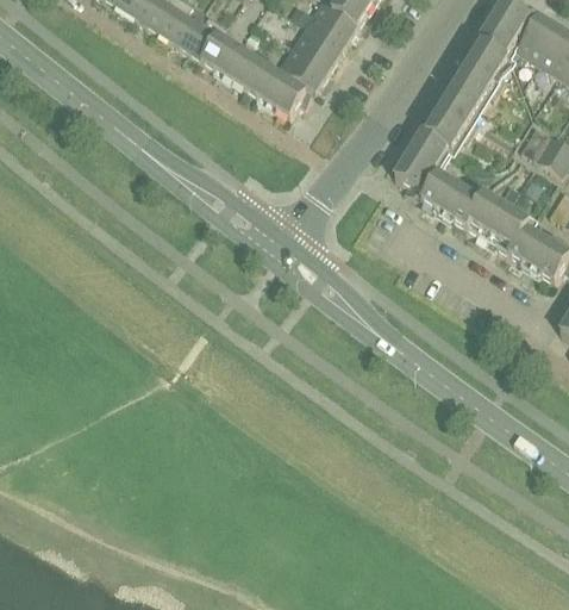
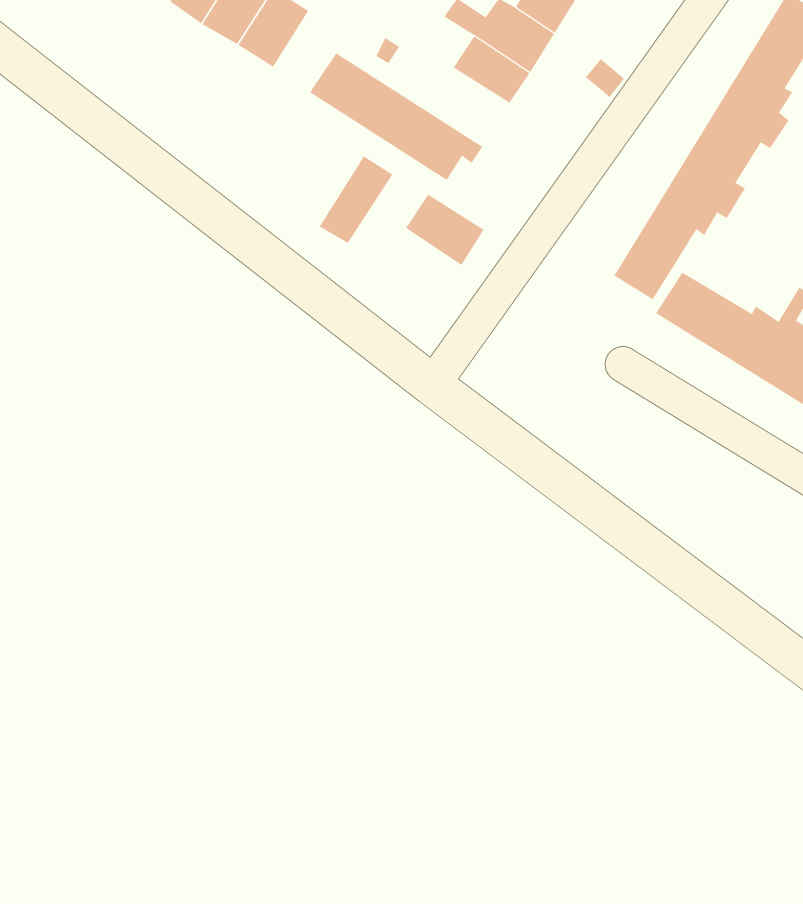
building: [180,7,225,58] -> none
building: [279,43,329,88] -> [405,194,484,266]
building: none -> [319,155,393,244]

